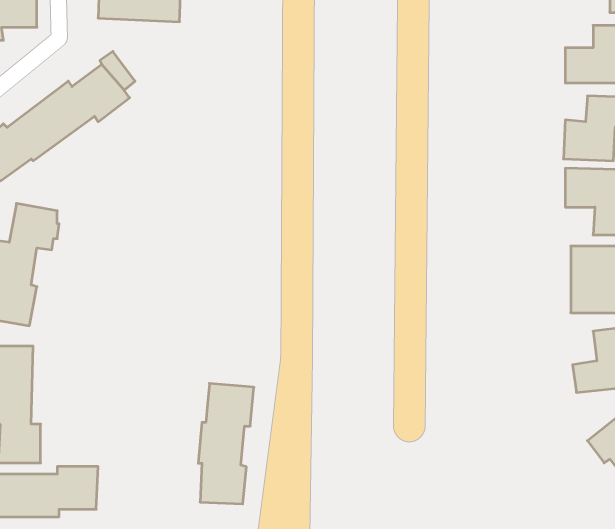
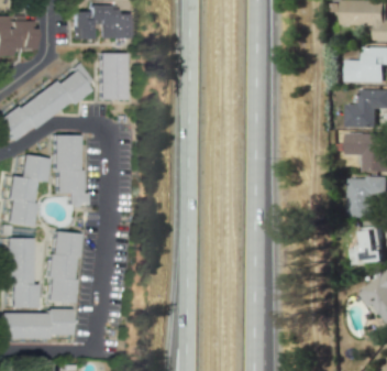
building: none -> [101,53,126,99]
building: none -> [55,135,89,205]
building: [198,383,254,504] -> [47,230,80,302]

